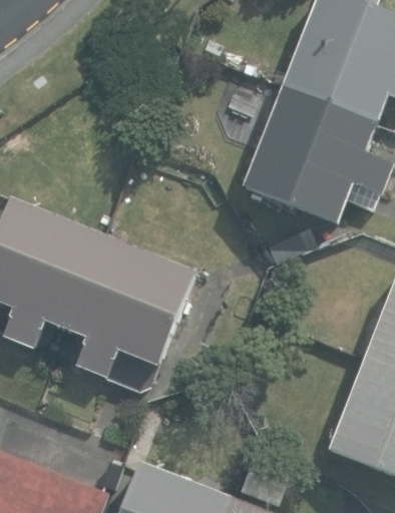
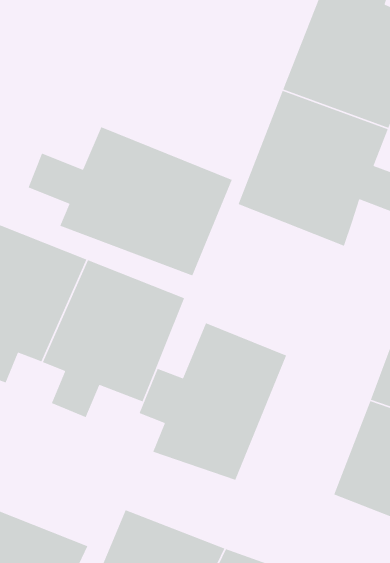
building: none -> [27,126,233,276]
building: none -> [139,322,287,481]

